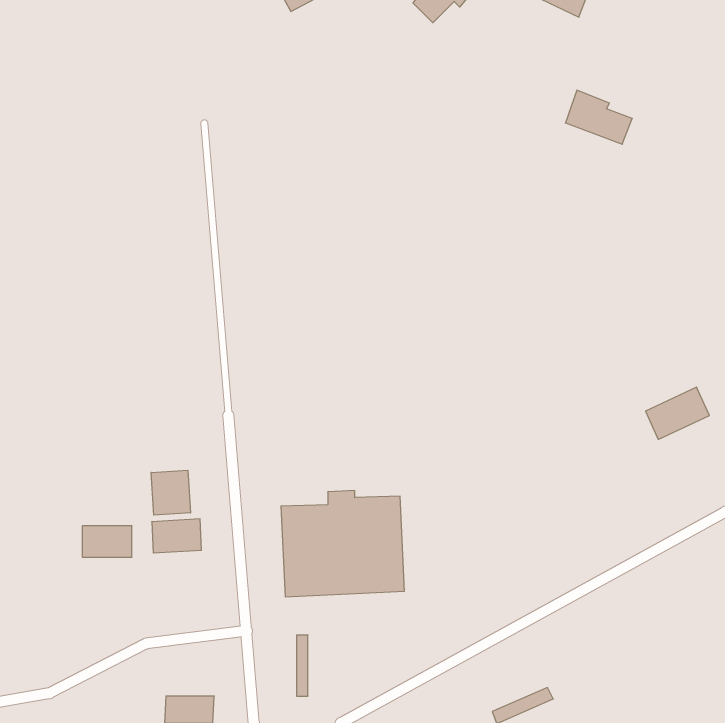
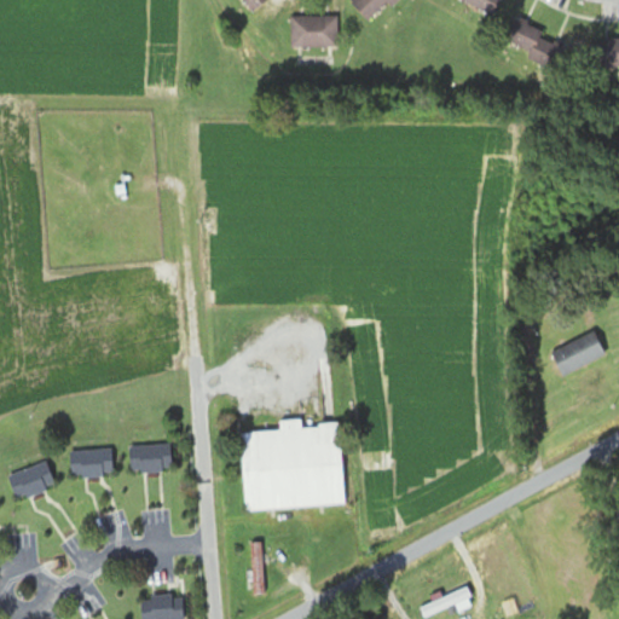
building: none -> [291,16,337,47]
building: [565,90,632,144] -> [507,21,563,66]
building: [151,470,190,515] -> none
building: none -> [7,459,56,499]

